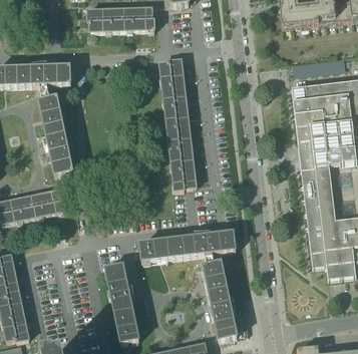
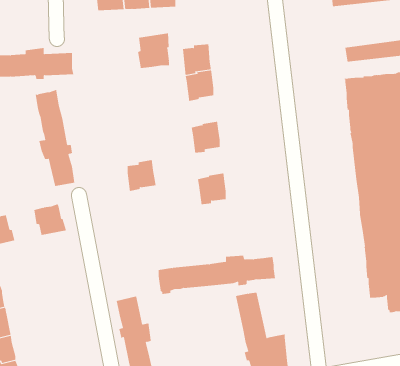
building: none -> [137,33,170,69]
building: [164,101,189,127] -> none
building: [169,143,194,169] -> [127,160,156,191]
building: [16,195,44,220] -> none

